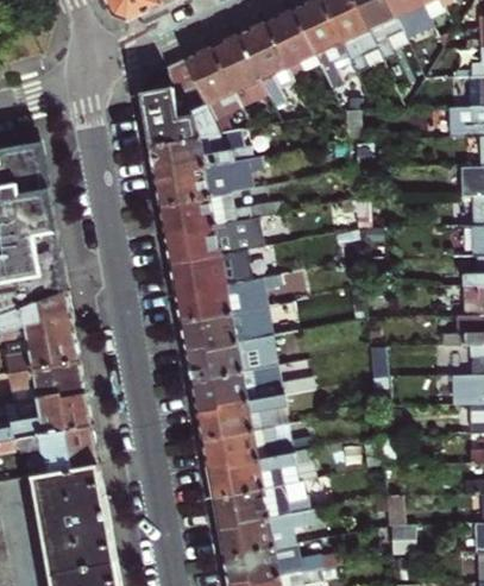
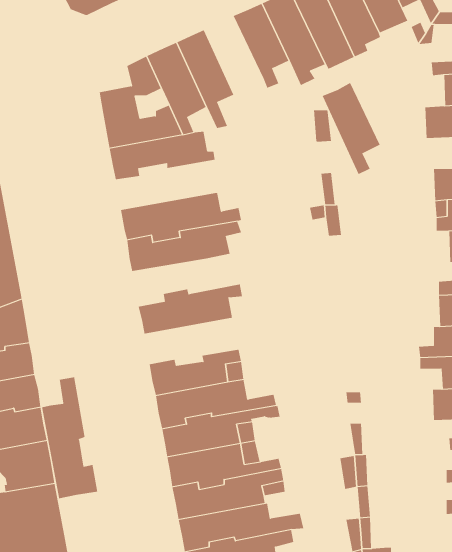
building: [239,20,295,108] -> [322,82,381,175]
building: [155,156,260,204] -> none
building: [170,251,275,296] -> none
building: [182,307,293,352] -> none
building: none -> [41,376,98,499]

